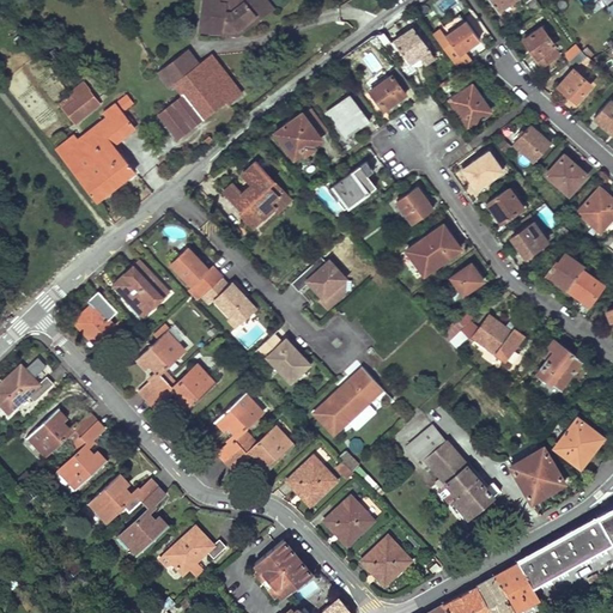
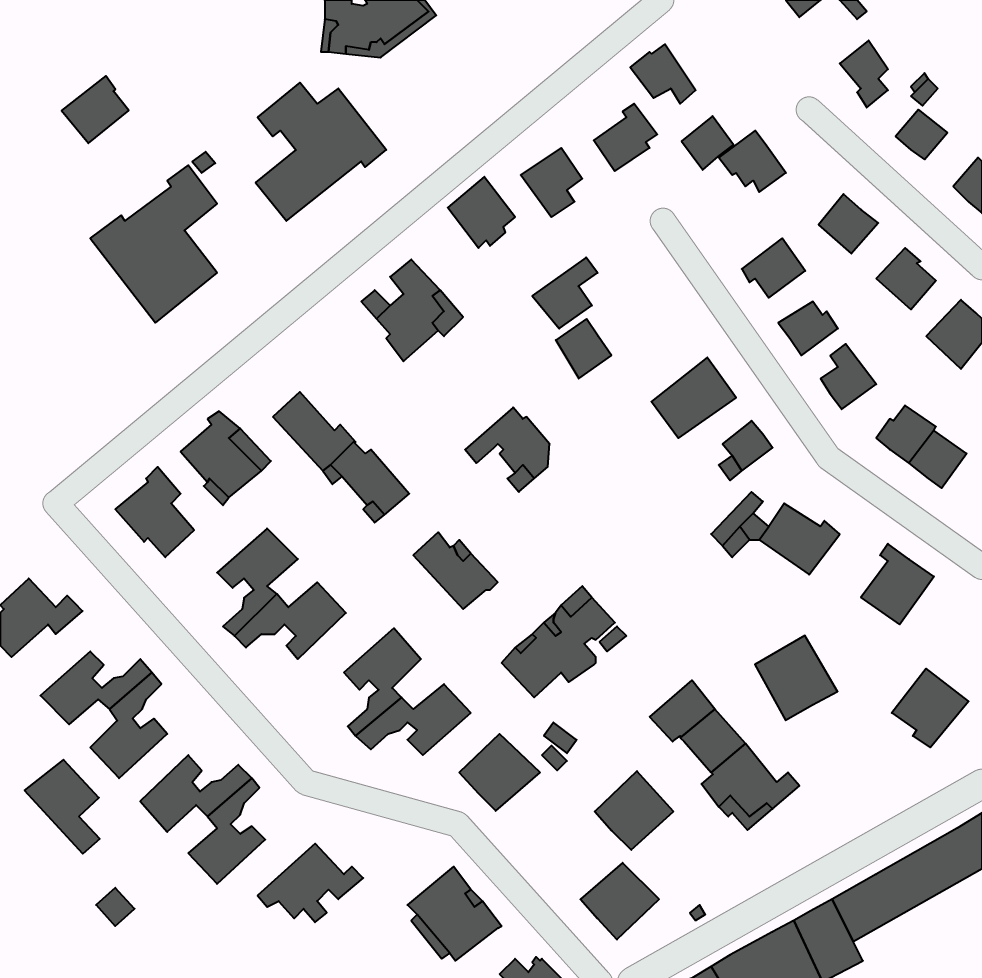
building: [445,22,478,55] -> [682,116,734,170]
building: [59,83,101,125] -> [62,76,129,143]
building: [396,187,431,224] -> [556,319,611,379]
building: [512,450,564,503] -> [755,636,838,720]
building: none -> [25,760,100,854]
building: [324,499,374,548] -> [595,771,673,850]

